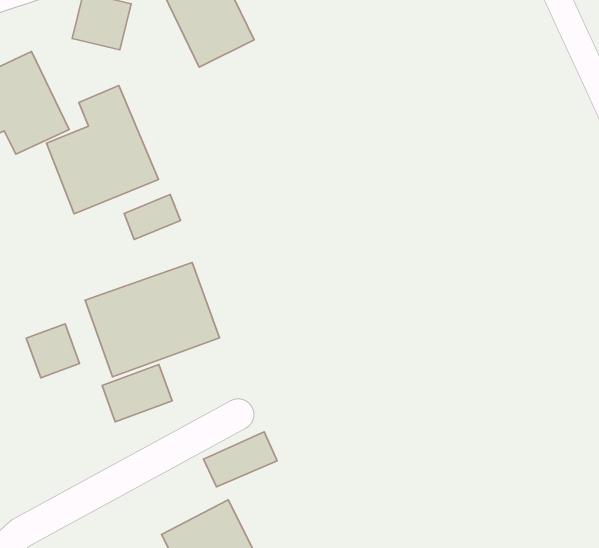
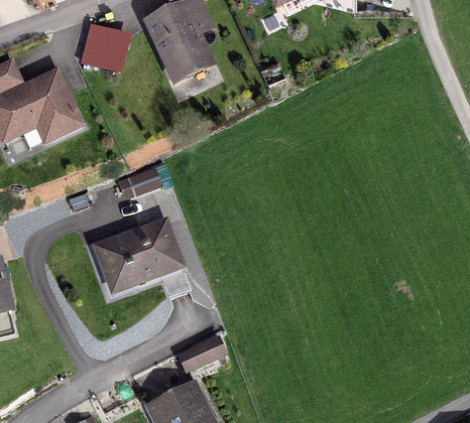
building: [46,85,159,214] -> none
building: [26,324,80,378] -> none
building: [102,364,172,422] -> none

